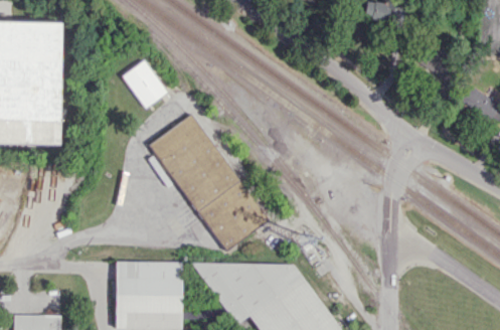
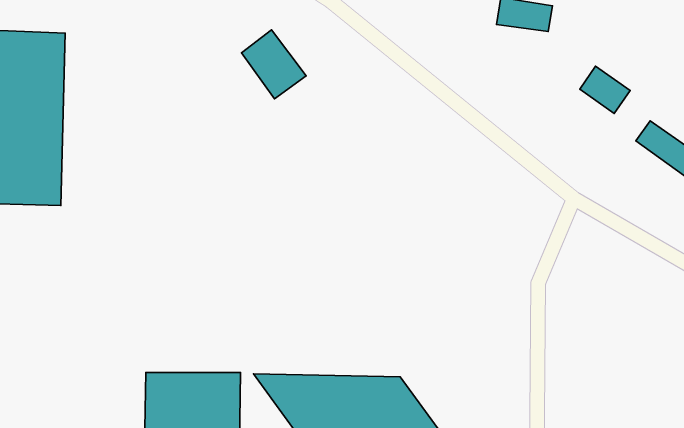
building: [123,60,168,109] -> [241,30,306,99]
building: [149,113,270,251] -> none

